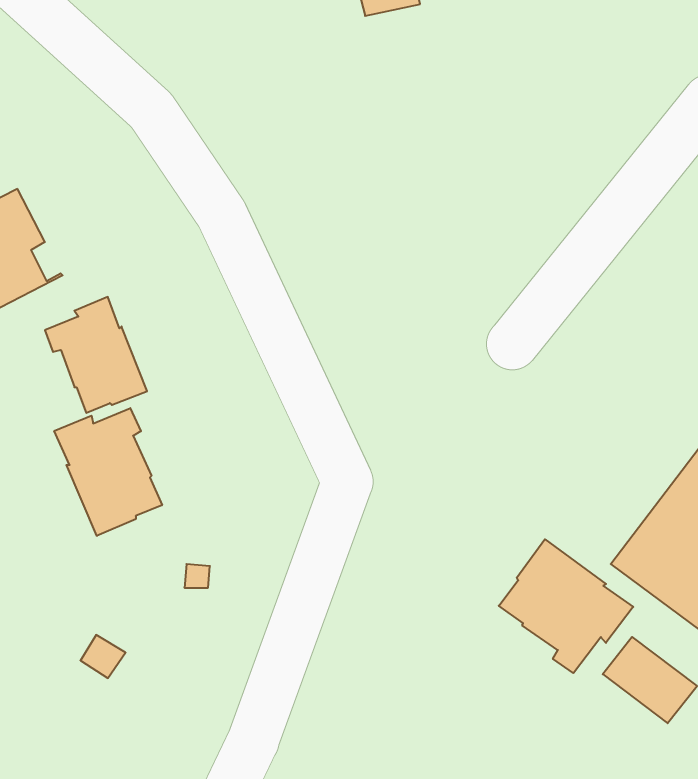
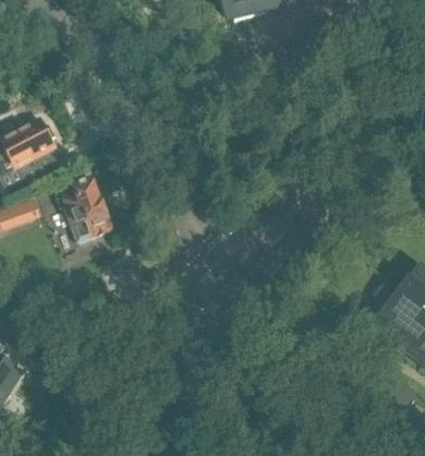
building: [54,408,162,536] -> none
building: [499,539,633,673] -> none

